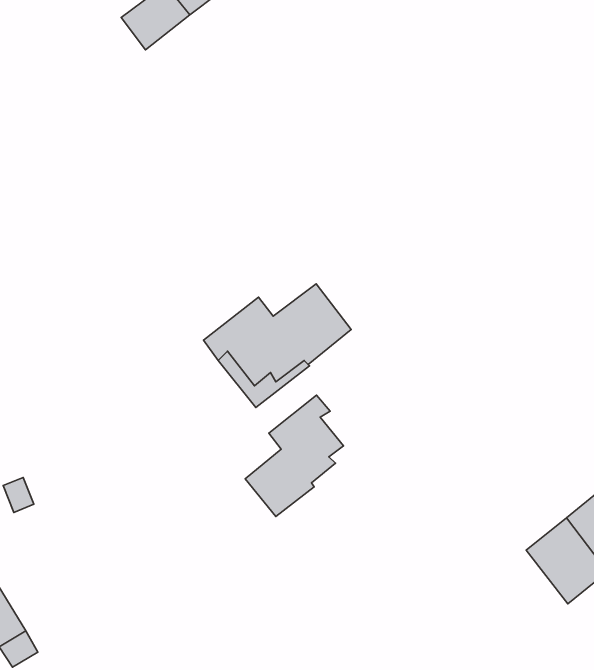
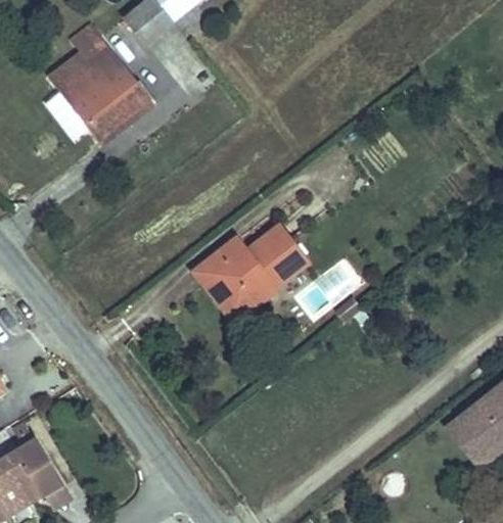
building: none -> [56,41,159,145]
building: [245,395,343,516] -> none

